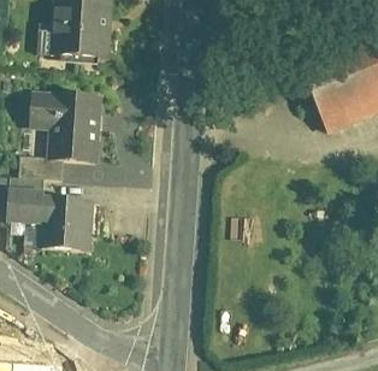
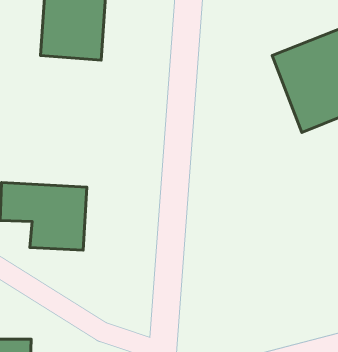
building: [25,89,102,165] -> none

